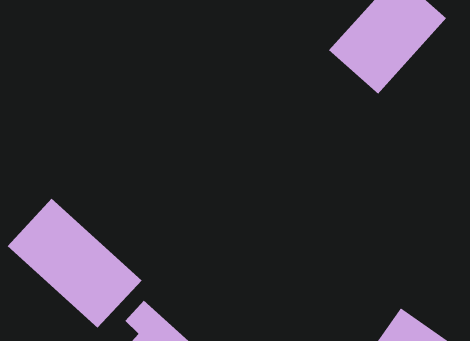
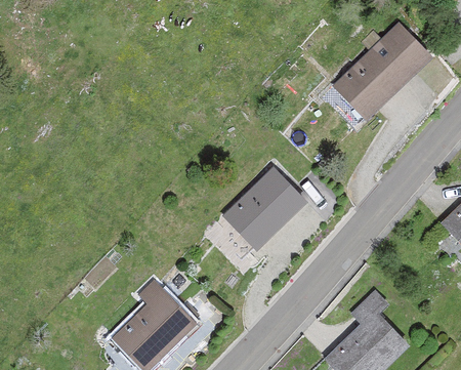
building: none -> [218,169,300,251]
building: [7,198,142,328] -> none

